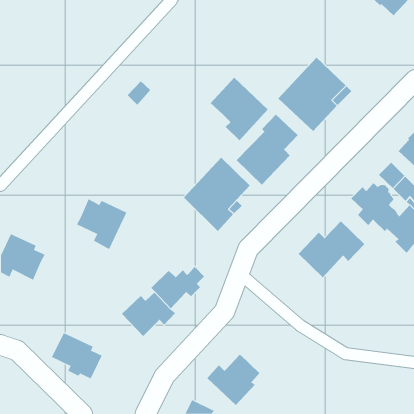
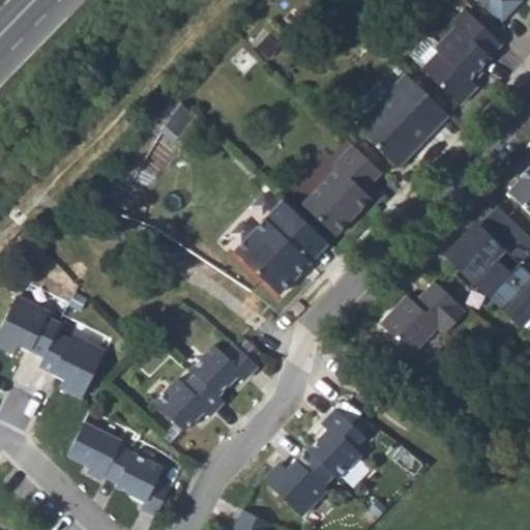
building: none -> [413,8,502,105]
building: [210,77,268,141] -> none
building: [76,199,127,250] -> [39,333,105,399]
building: none -> [308,410,364,479]
building: none -> [116,452,171,514]

